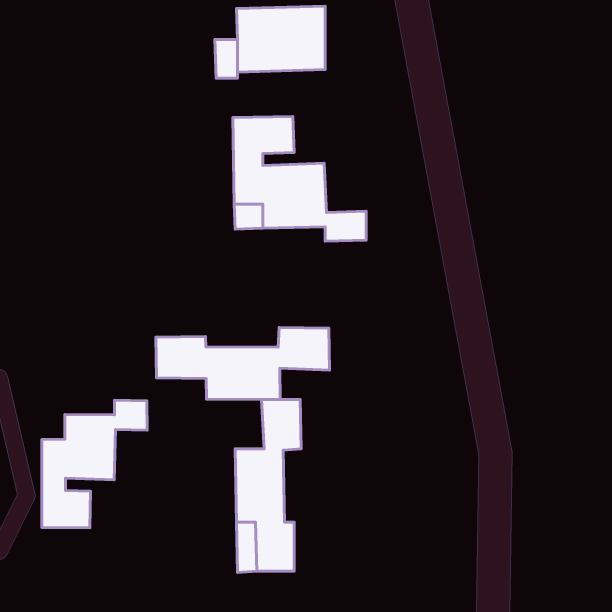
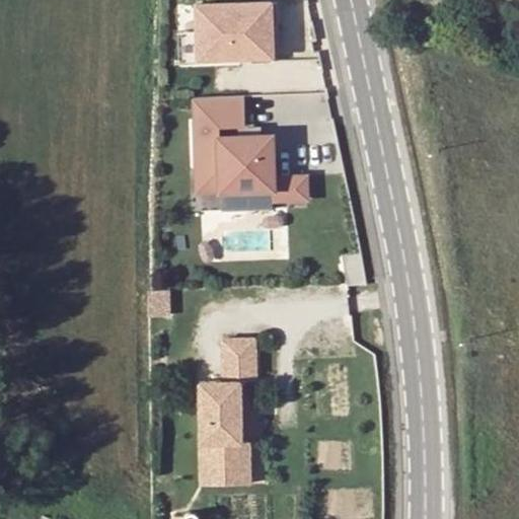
building: [156,328,329,400] -> none
building: [42,400,147,528] -> none

